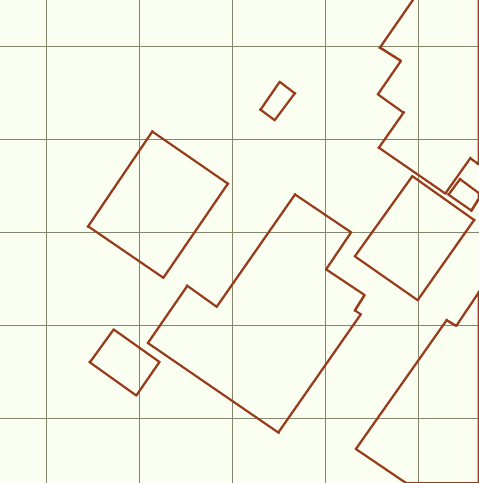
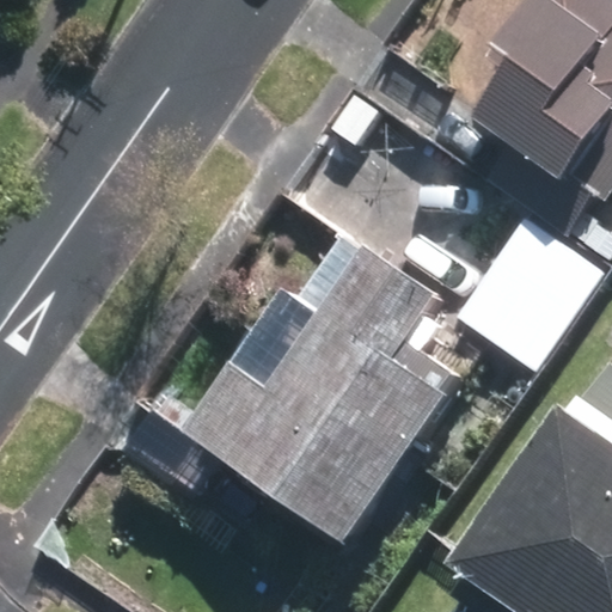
building: [88,131,228,278] -> none

